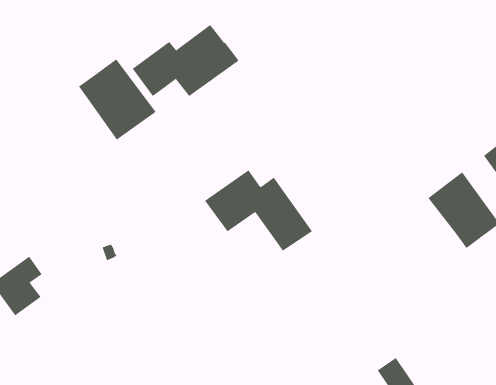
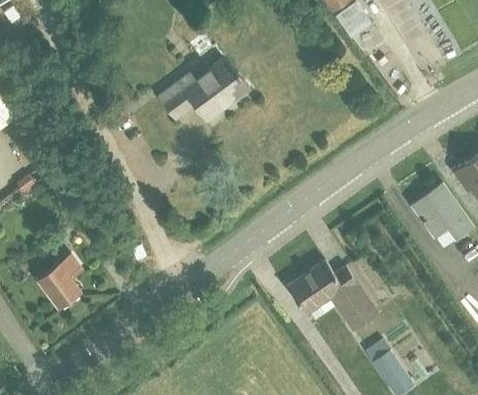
building: [78,59,157,140] -> none
building: [204,170,313,252] -> [285,261,378,331]

